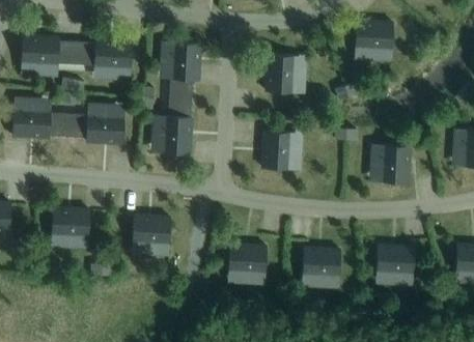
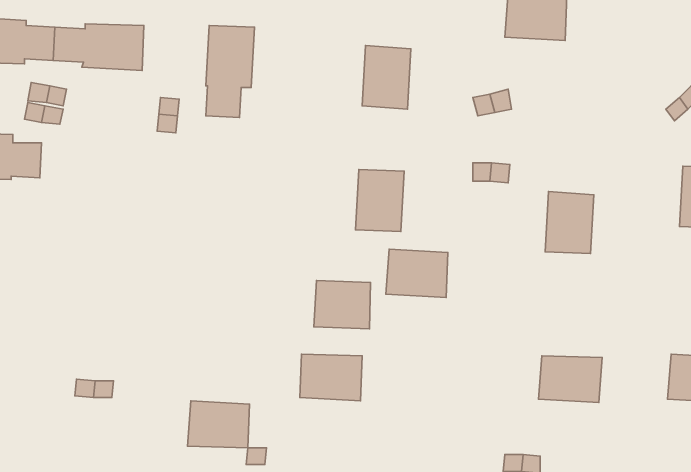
building: [162,99,192,155] -> none
building: [67,115,124,145] -> none
building: none -> [314,280,371,329]
building: [51,210,90,239] -> none
building: [132,218,170,247] -> [187,401,250,448]
building: [302,250,340,280] -> [386,249,448,298]

